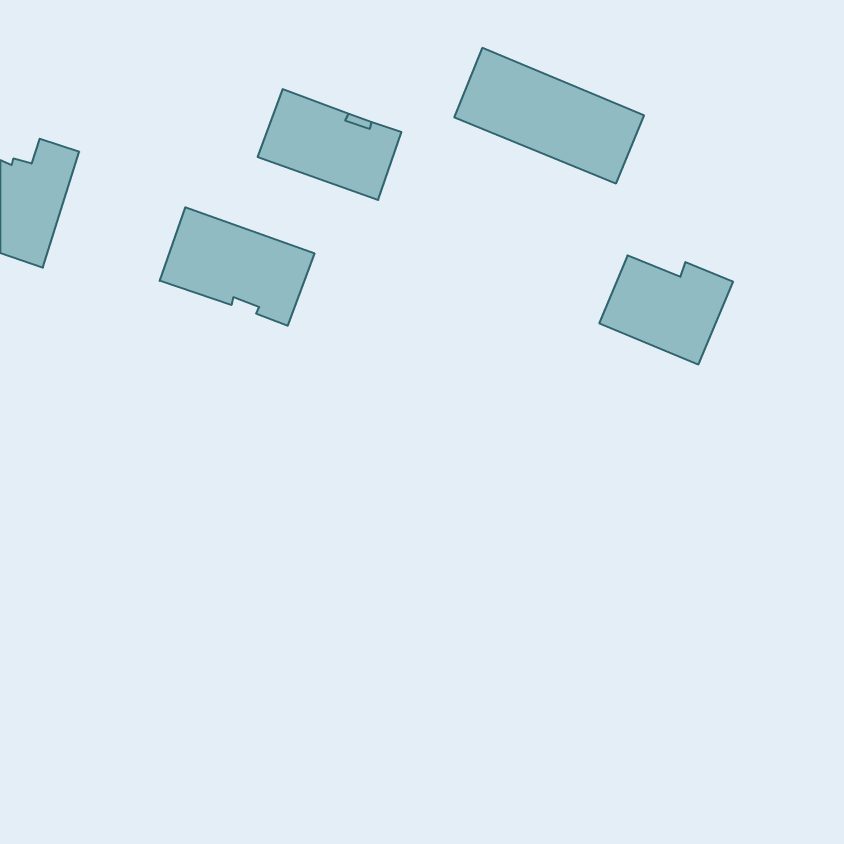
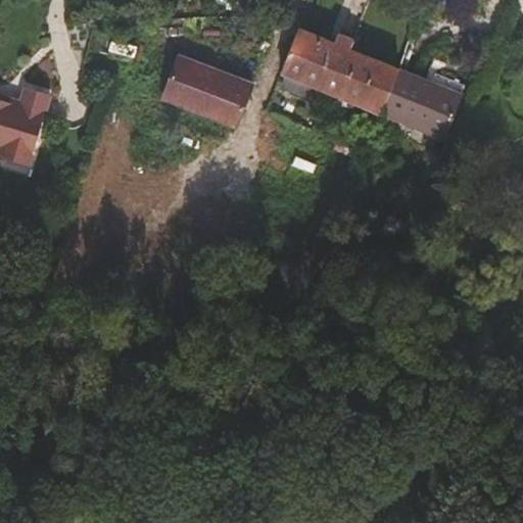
building: [160,207,314,326] -> none
building: [599,255,733,364] -> [381,72,464,139]

